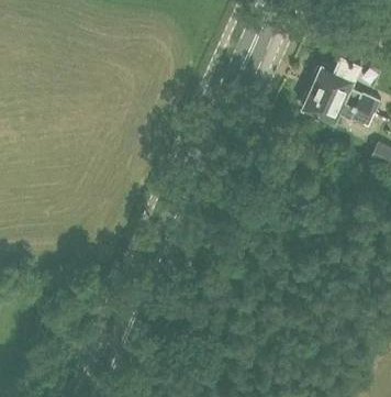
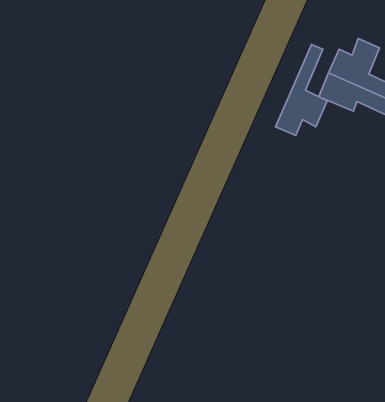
building: none -> [275,44,327,136]

